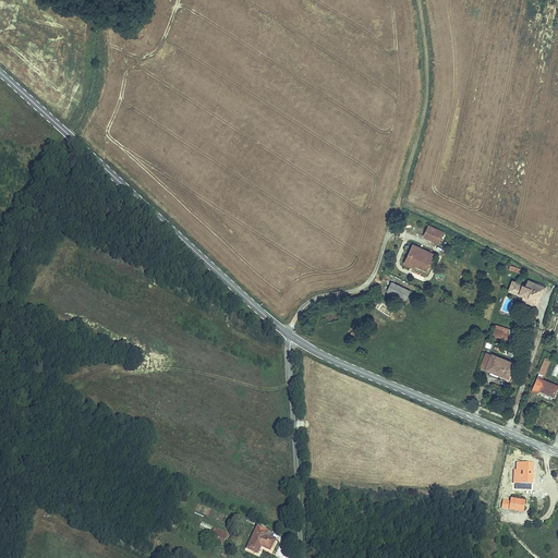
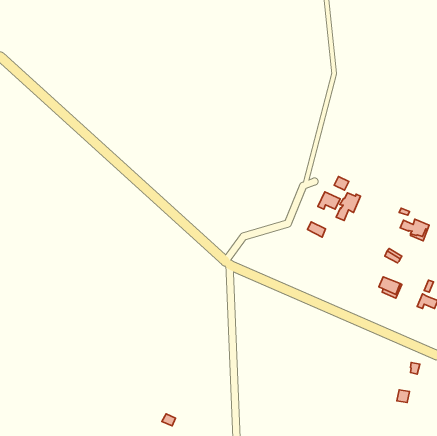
building: none -> [336,193,361,221]
building: [243,522,272,550] -> none

